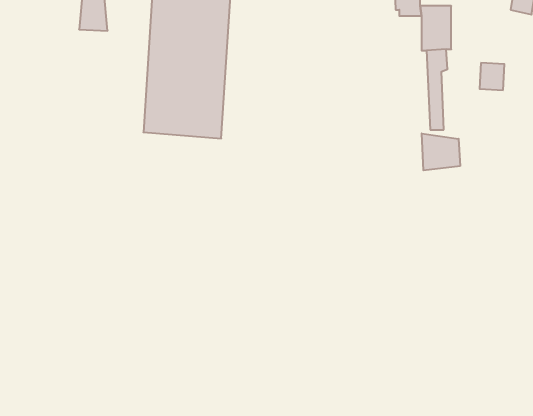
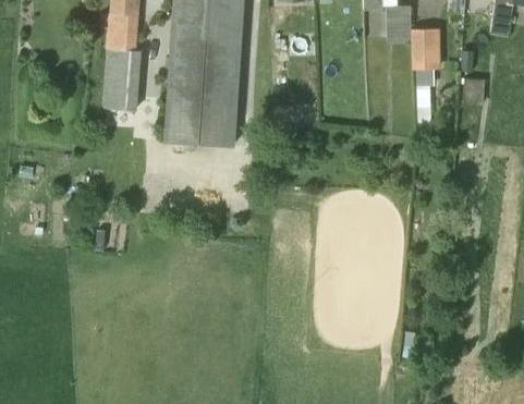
building: none -> [106,50,139,111]
building: [422,133,460,170] -> none

